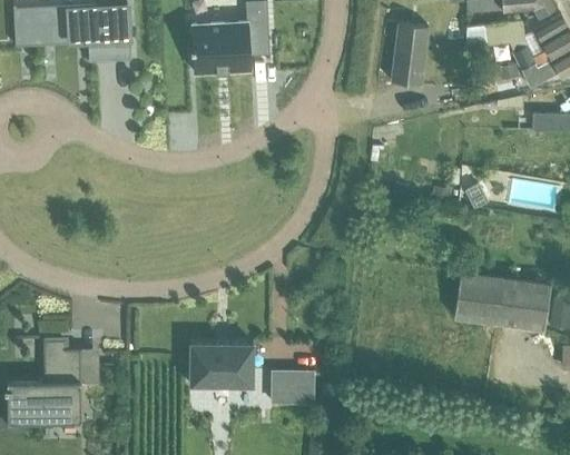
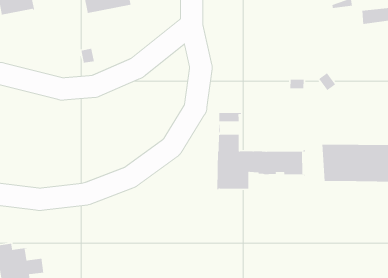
building: none -> [217,112,306,190]
building: [189,344,253,386] -> none
building: [272,372,313,403] -> none

